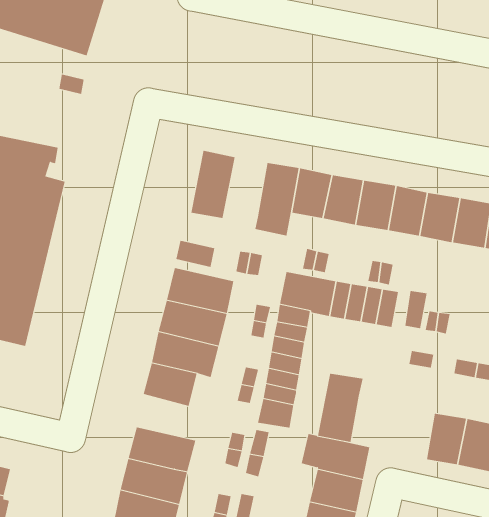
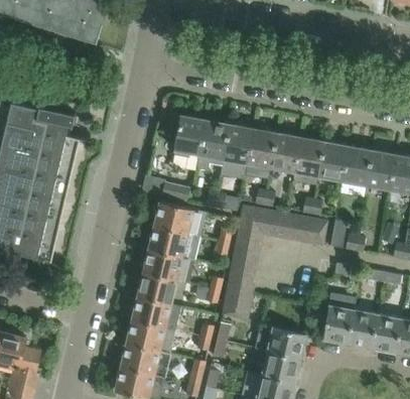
building: none -> [196,120,229,169]
building: [317,373,364,442] -> [321,292,356,344]
building: none -> [132,295,182,329]

